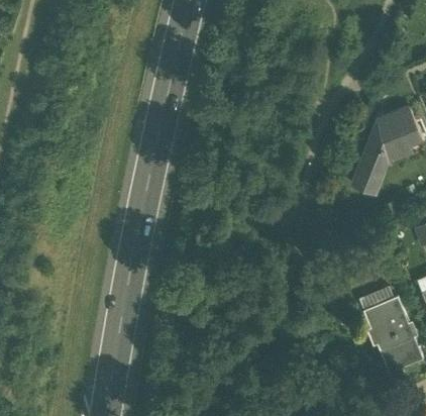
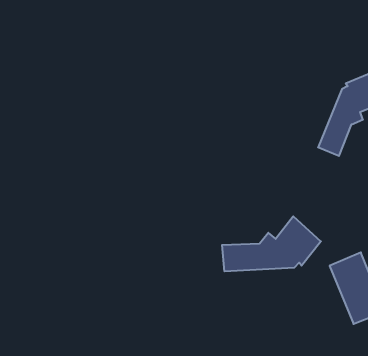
building: none -> [222,216,321,271]

